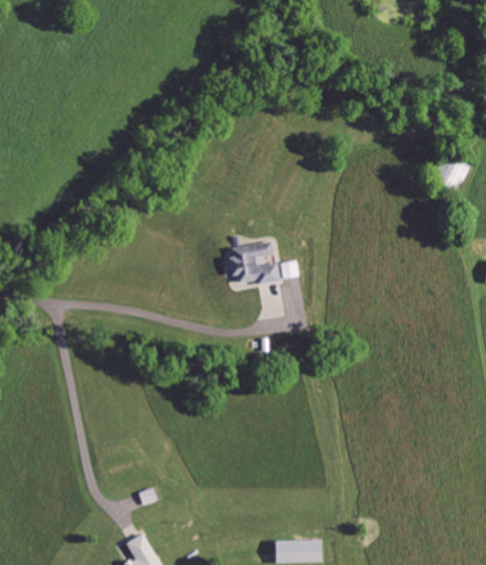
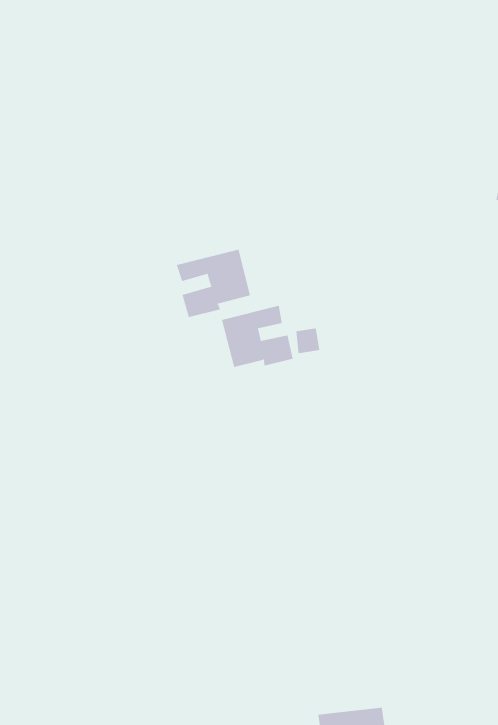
building: none -> [176,249,251,318]

